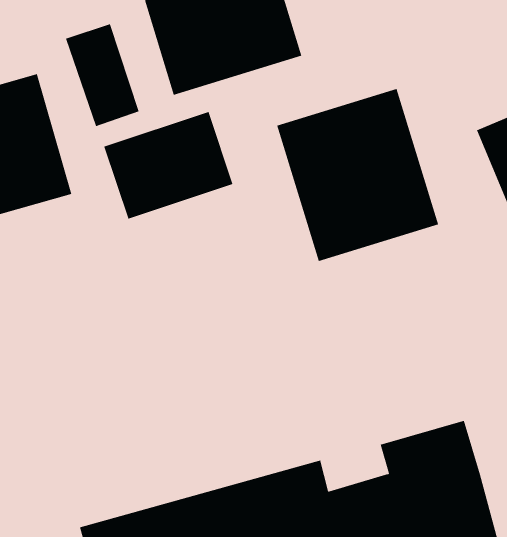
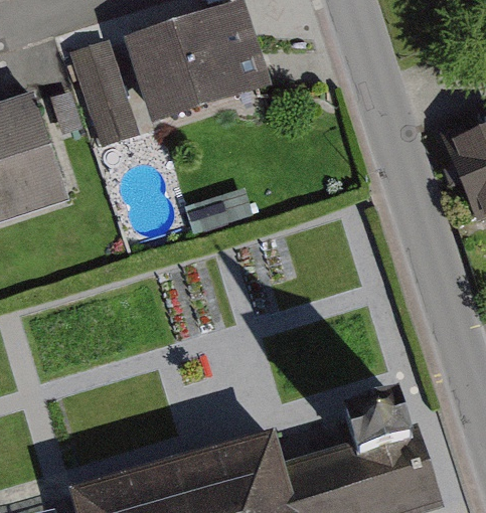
building: [277,88,439,262] -> none
building: [104,111,233,220] -> none

